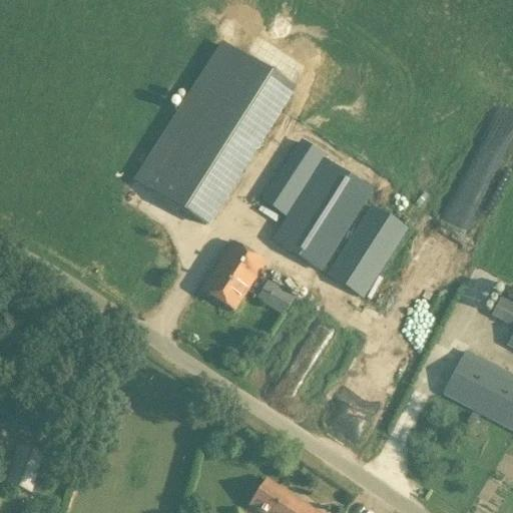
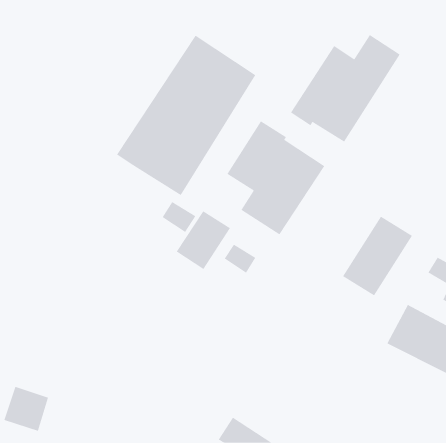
building: none -> [290,34,400,143]
building: [328,204,409,297] -> [342,216,413,296]
building: none -> [162,201,196,233]

